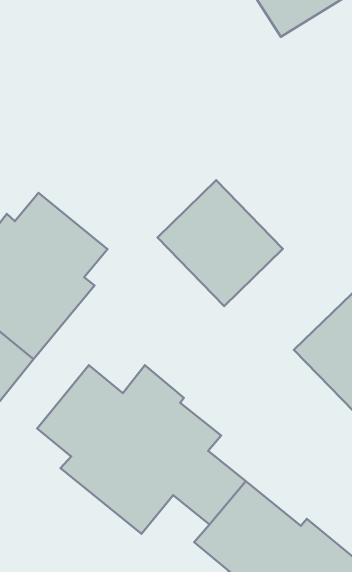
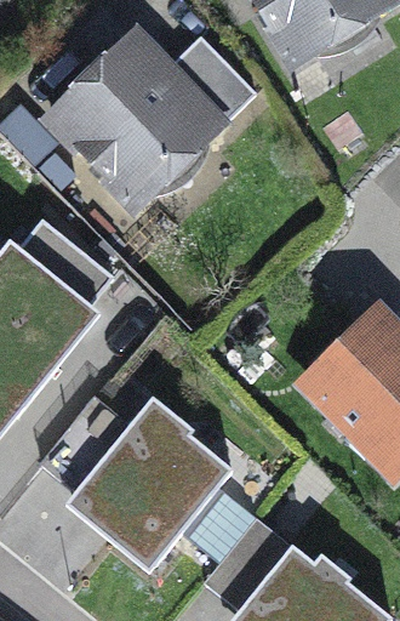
building: none -> [53,41,256,204]
building: [158,180,283,306] -> none

